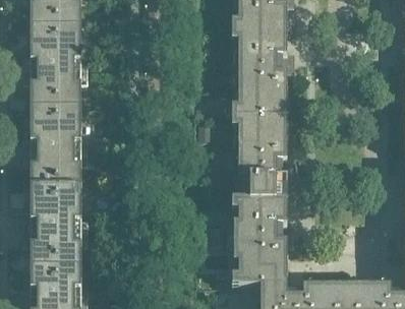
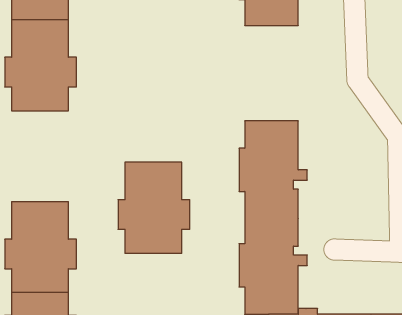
building: [233,25,294,111] -> none
building: [23,102,88,183] -> [118,162,190,253]

